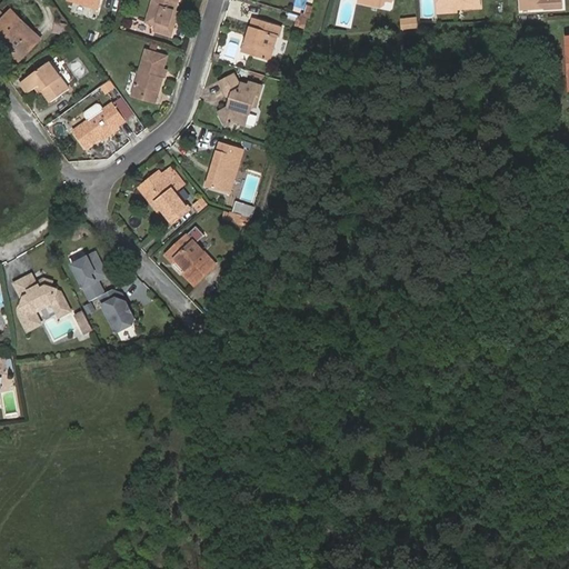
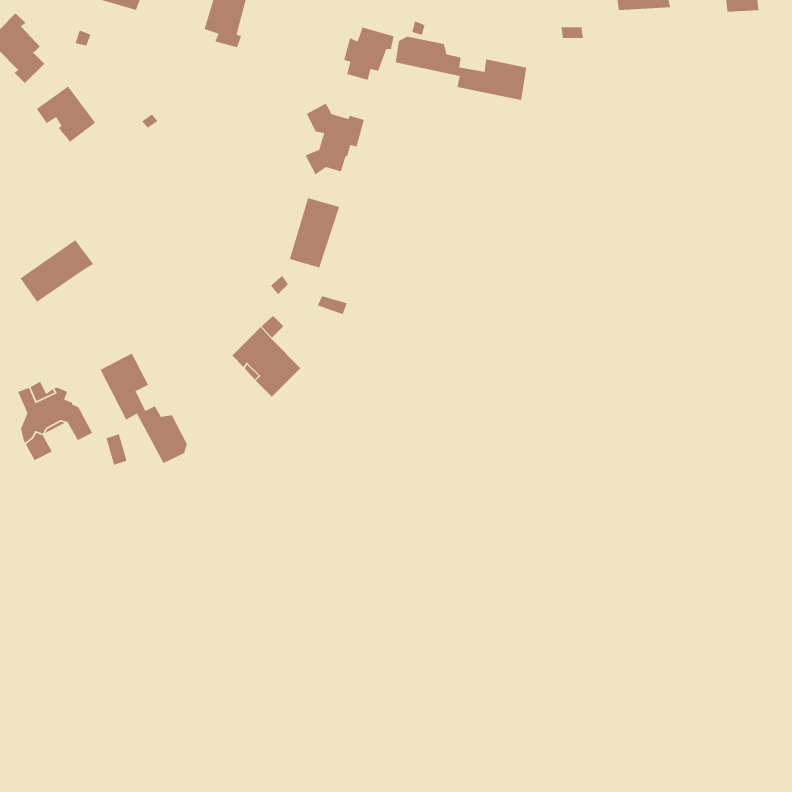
building: none -> [395,36,527,101]
building: [132,49,167,101] -> none
building: [72,102,126,148] -> [20,239,94,303]
building: [139,167,190,222] -> none

